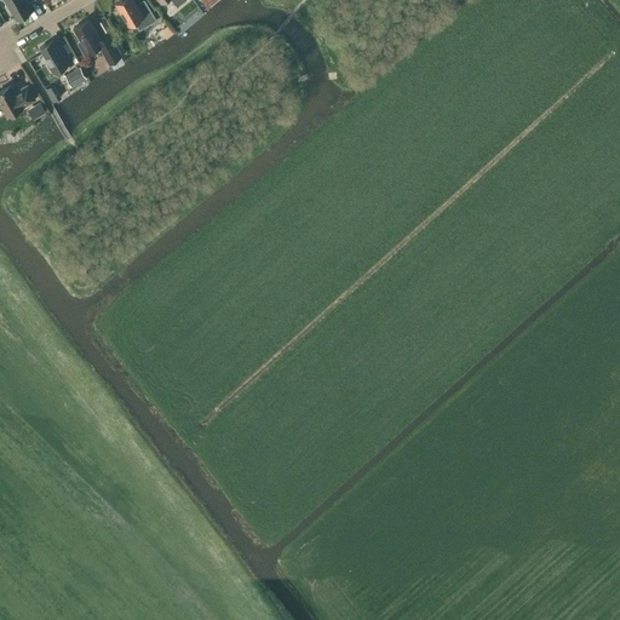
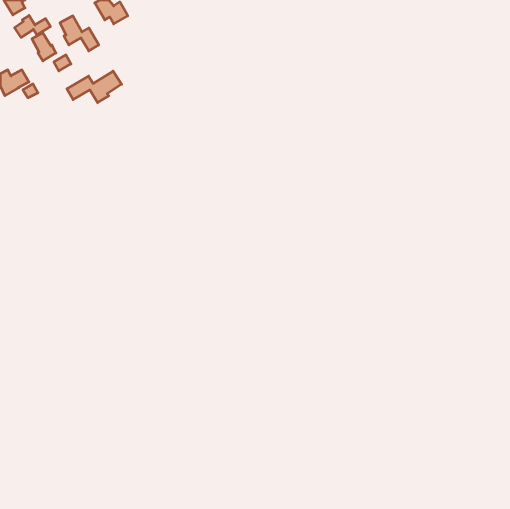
building: none -> [15,15,50,37]
building: none -> [67,71,122,103]

